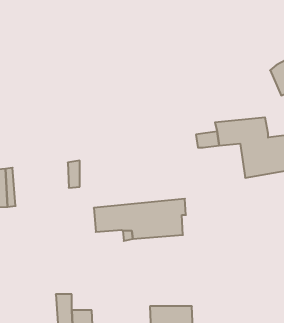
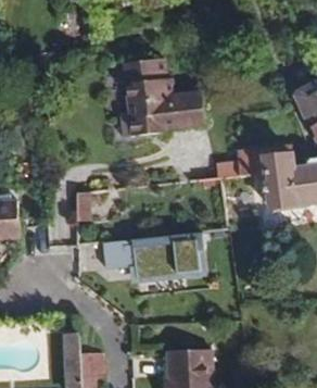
building: none -> [119,60,205,138]

